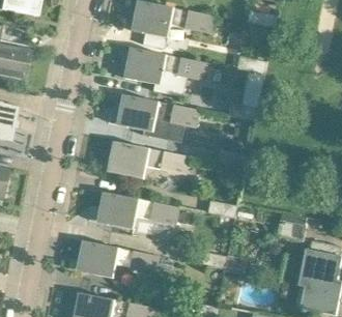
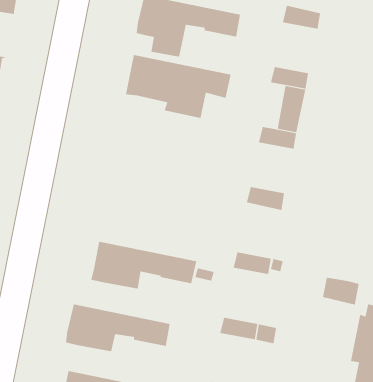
building: [115,94,198,140] -> none
building: [106,141,189,178] -> none

